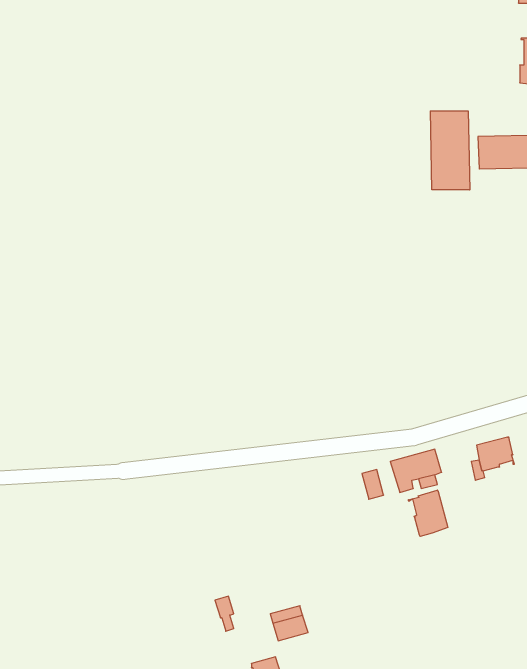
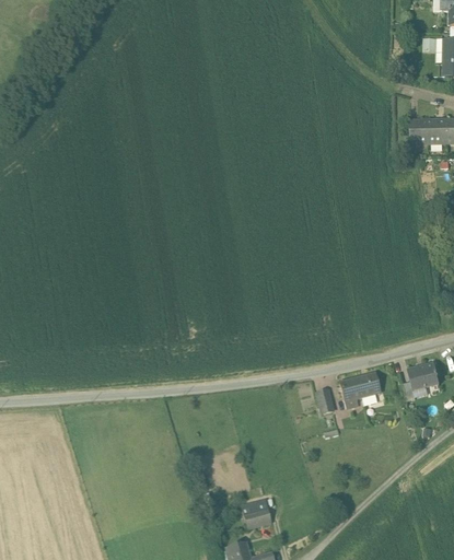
building: [430,111,470,190] -> none
building: [408,490,448,536] -> none

